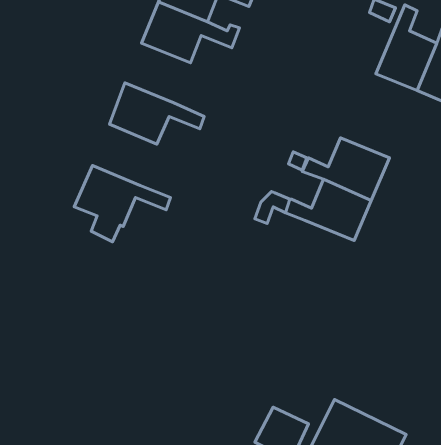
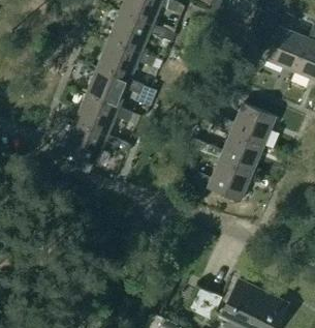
building: none -> [98,39,163,80]
building: none -> [76,94,140,136]
building: none -> [195,159,253,201]

